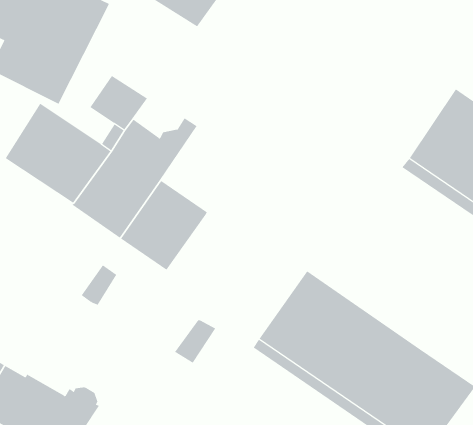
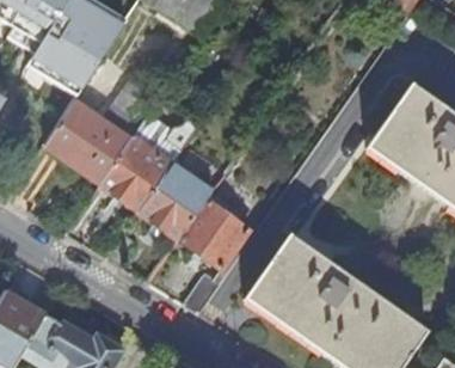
building: none -> [177,190,248,266]

